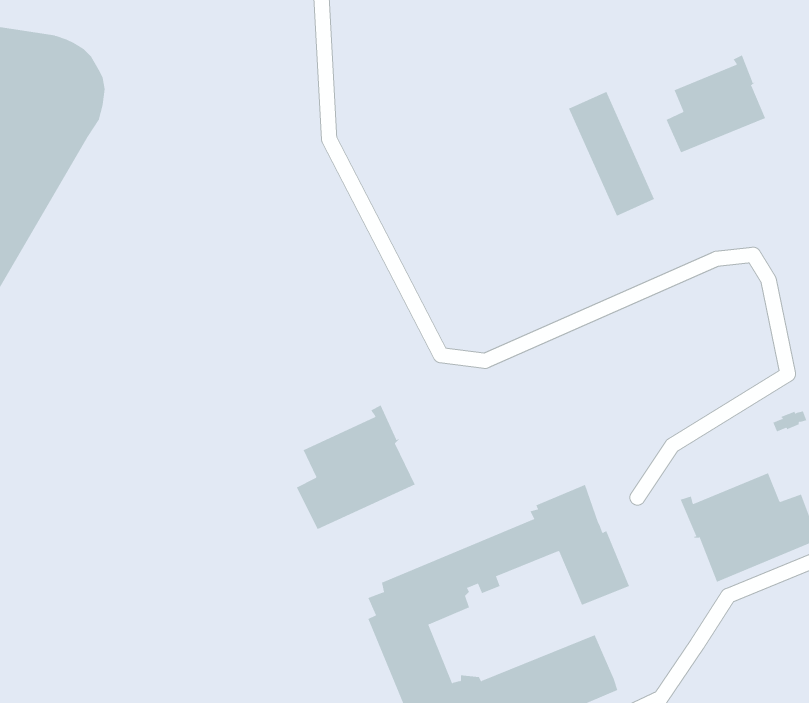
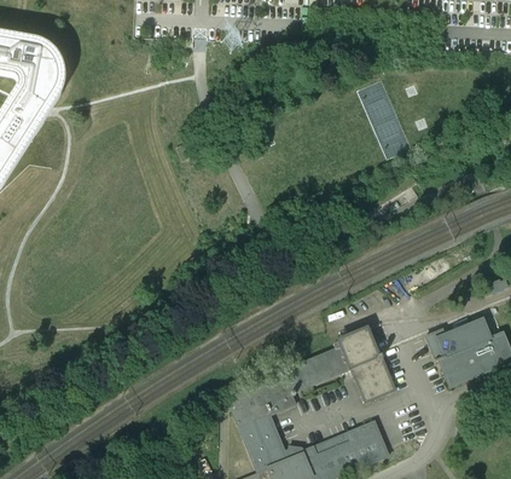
building: [666,55,766,153] -> none
building: [296,405,416,530] -> none

